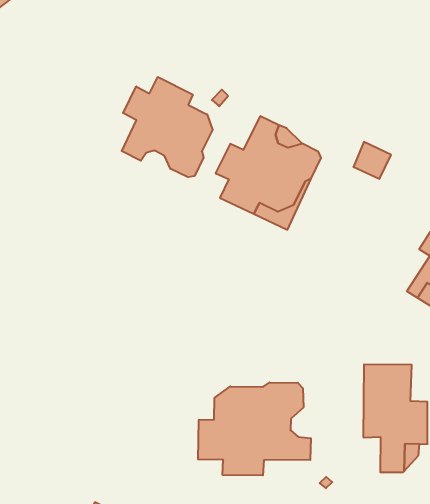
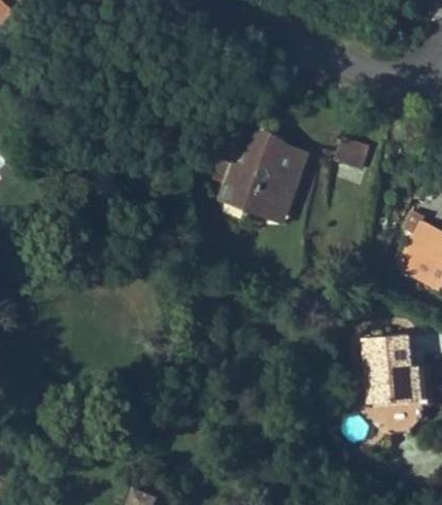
building: [122,77,213,177] -> none
building: [198,382,311,475] -> none

